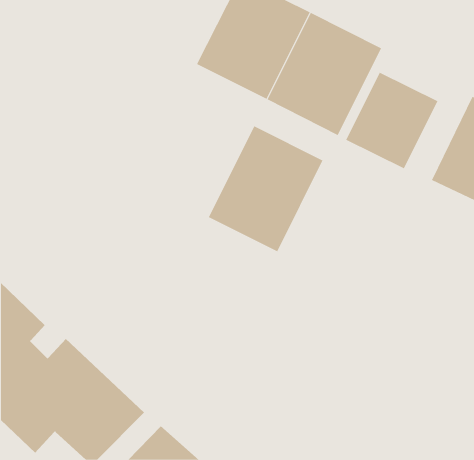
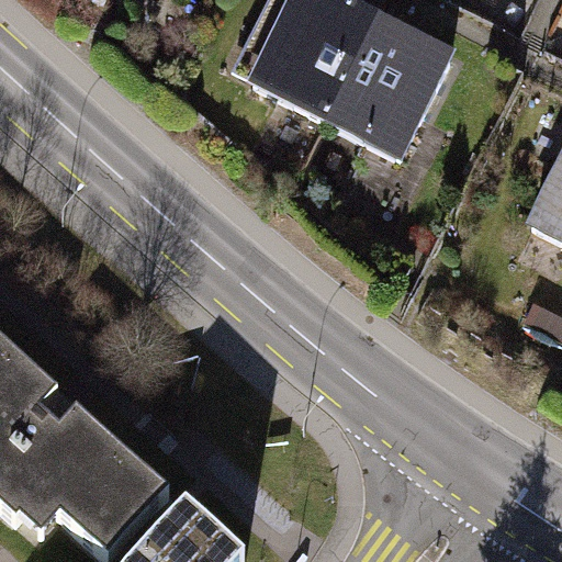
building: [345,72,438,169] -> none
building: [208,125,323,252] -> none

